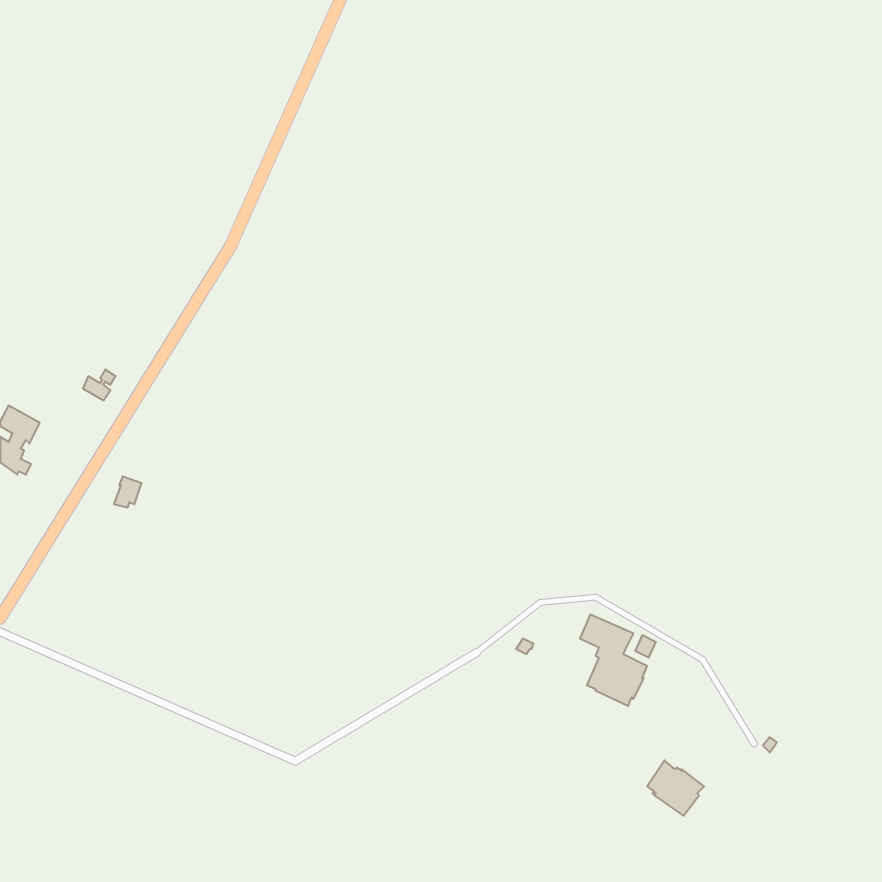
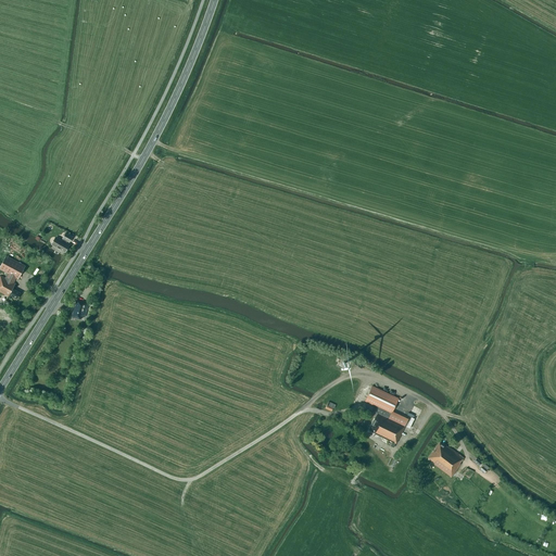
building: [647,760,704,816] -> [428,442,464,477]

